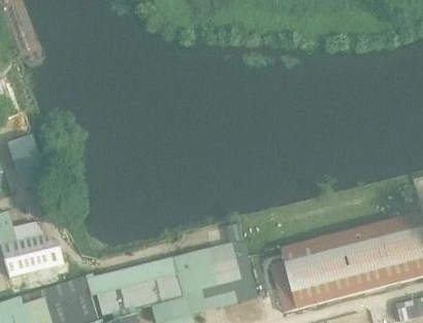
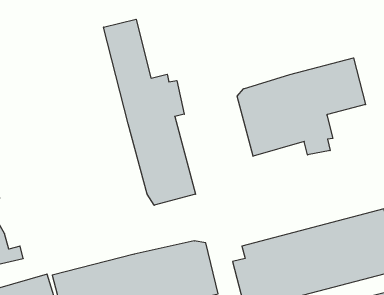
building: none -> [104,19,196,205]
building: none -> [237,58,366,156]

